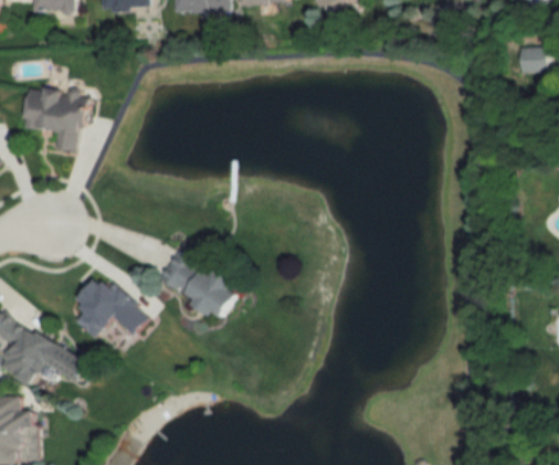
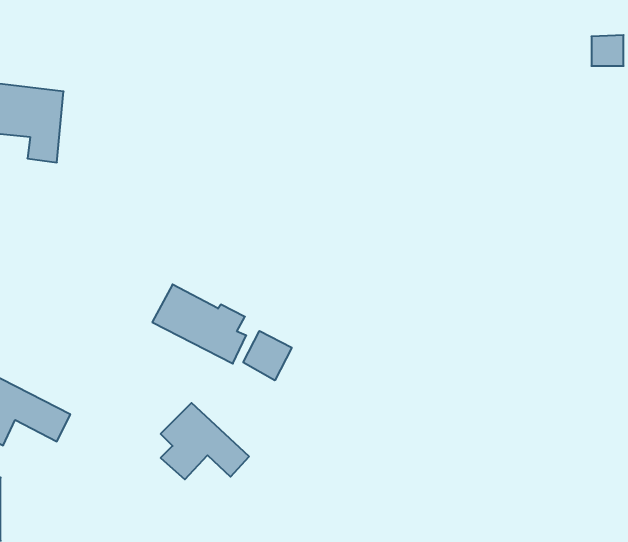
building: [75,275,148,338] -> [161,403,249,479]
building: none -> [243,331,292,380]

